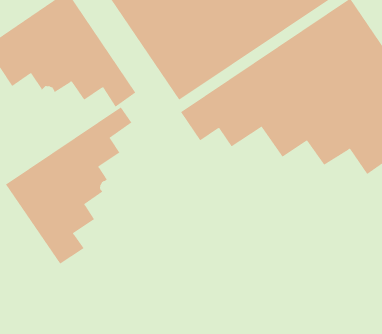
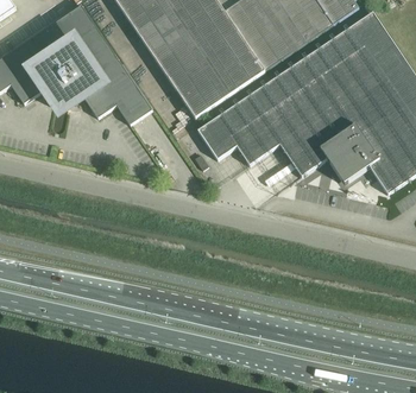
building: [5,107,132,264] -> none

